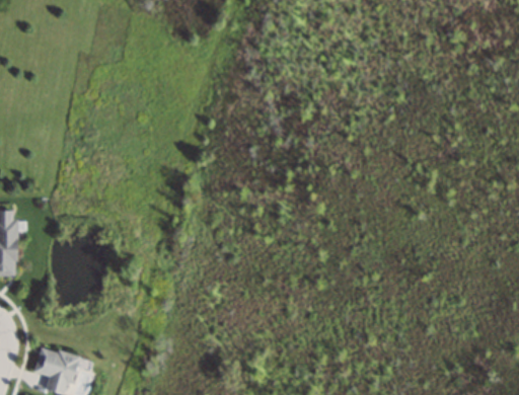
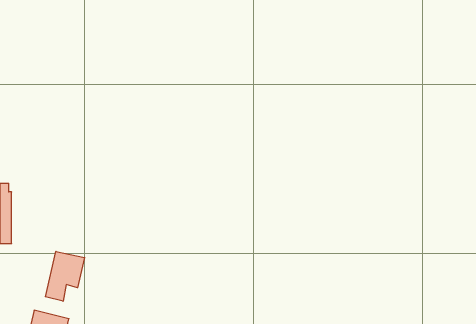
building: none -> [45,251,85,301]

